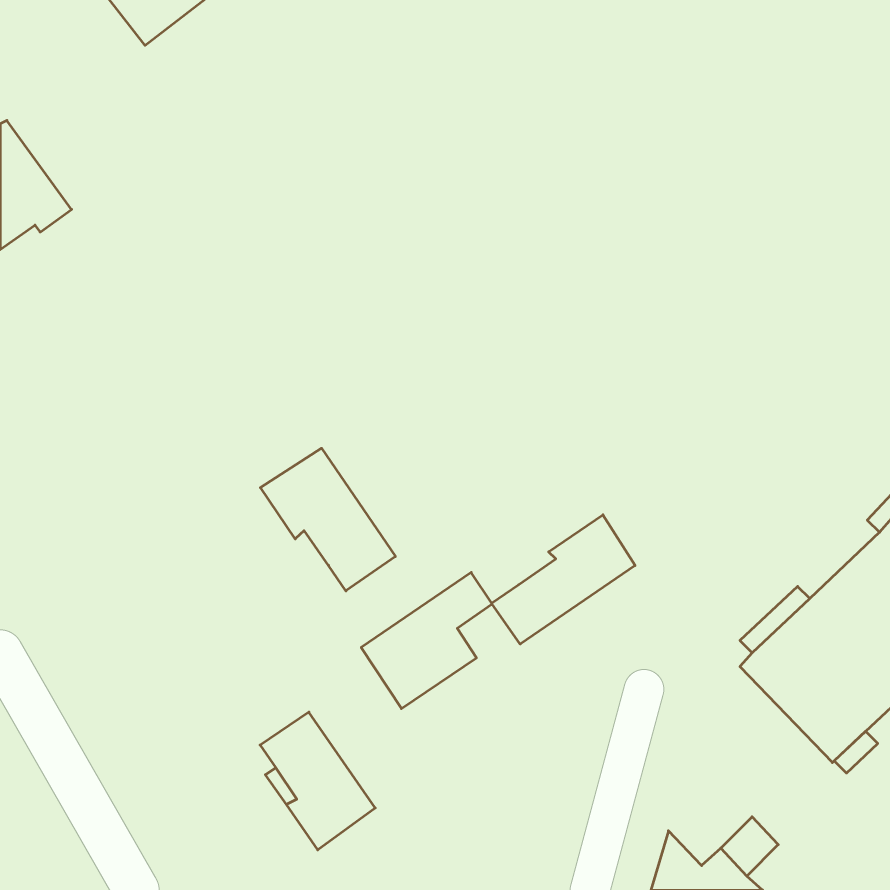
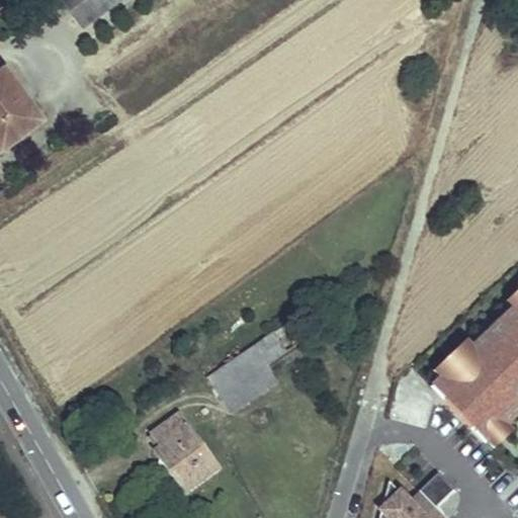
building: [260,448,395,591] -> none
building: [492,515,635,644] -> none

